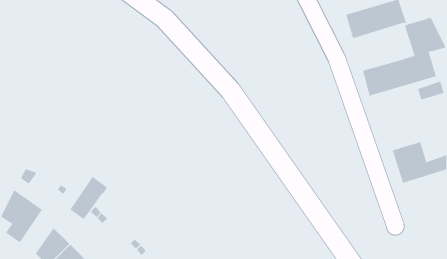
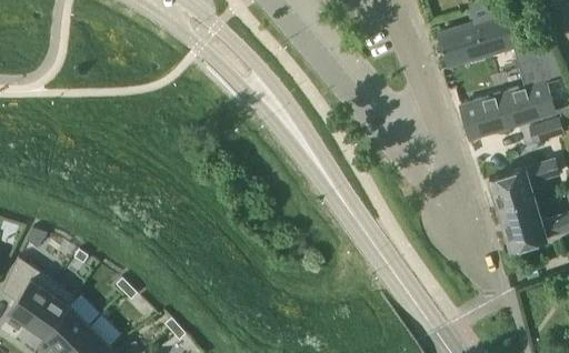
building: none -> [488,160,558,208]
building: [69,176,108,220] -> [26,283,74,339]

